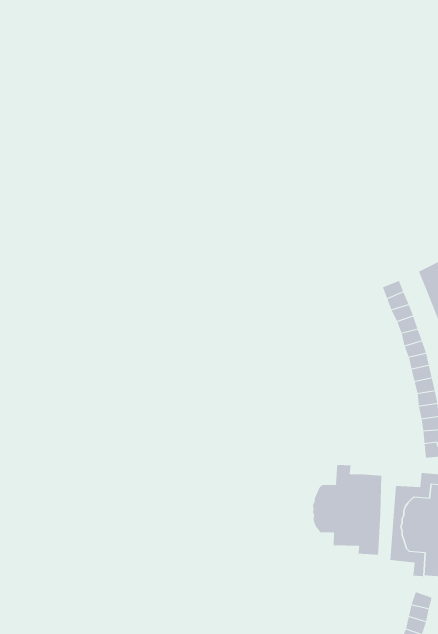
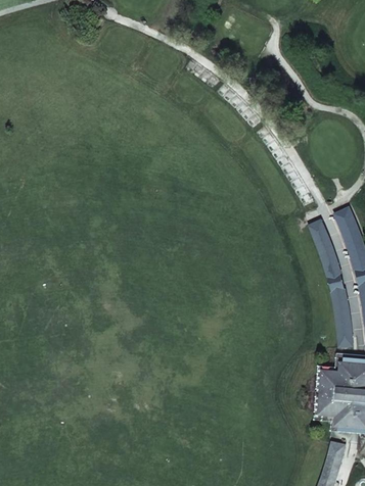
building: [312,464,382,555] -> none

